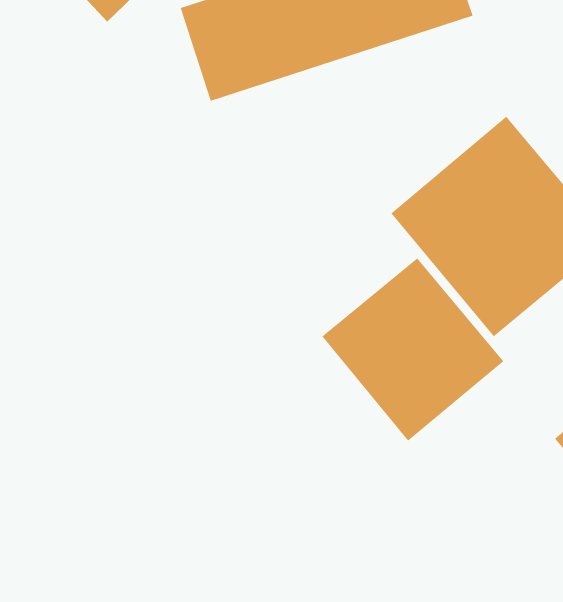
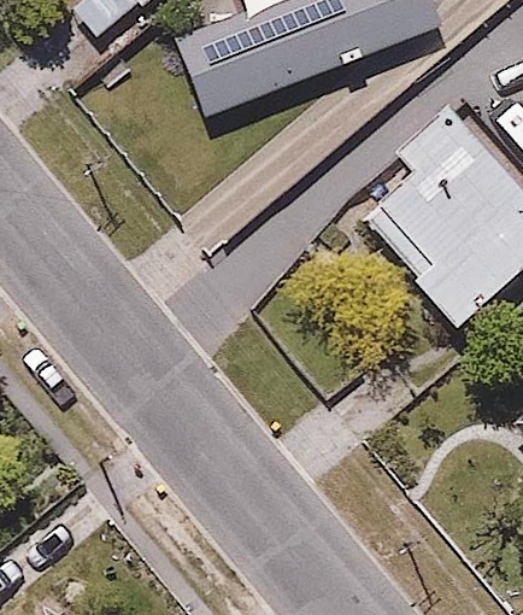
building: [322,258,504,441] -> none

